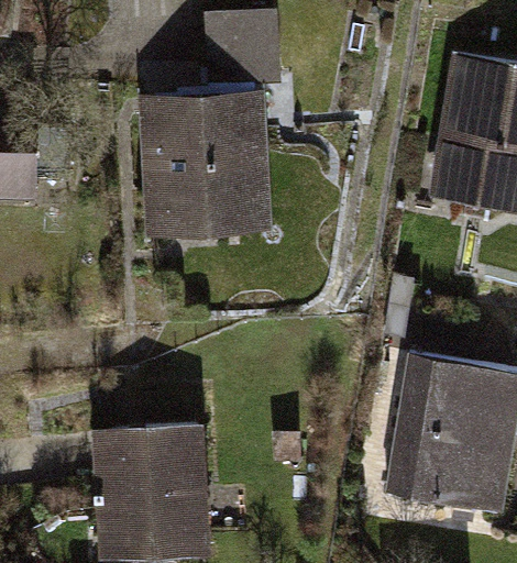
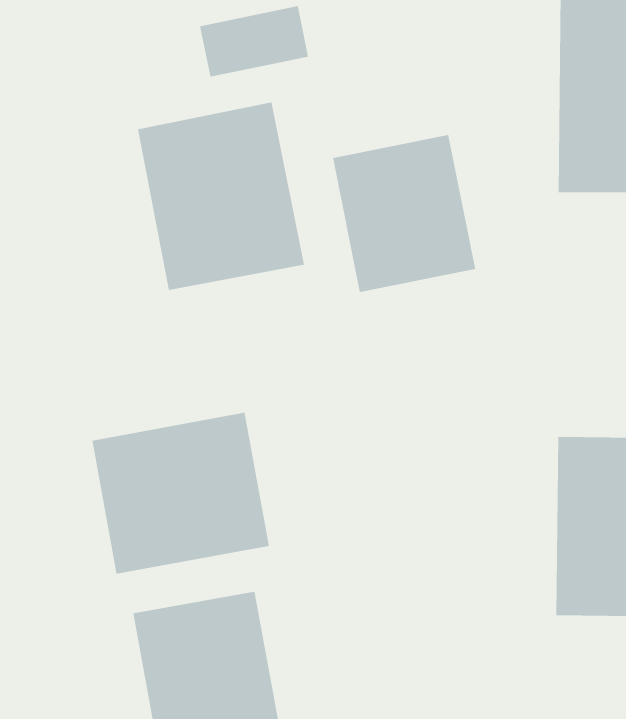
building: none -> [332,134,476,293]
building: none -> [92,412,270,575]

